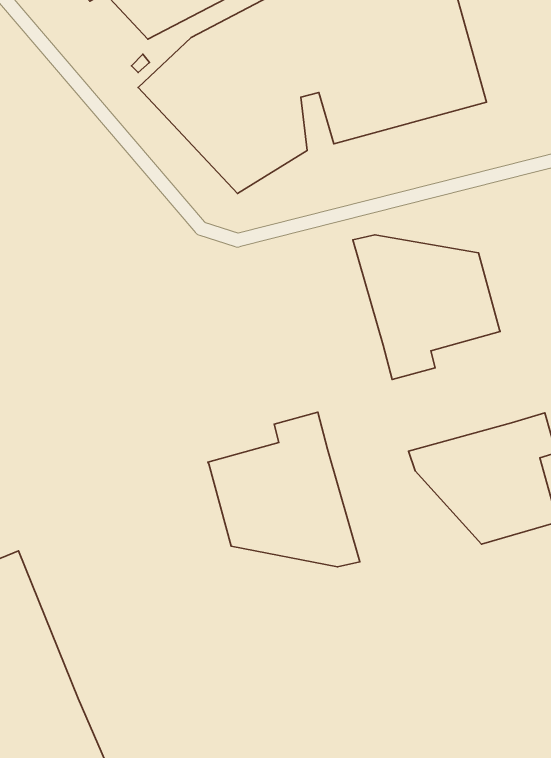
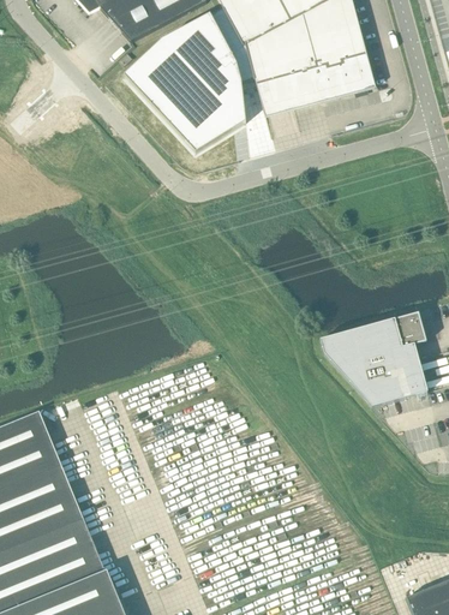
building: [353,235,500,380] -> none
building: [208,412,360,567] -> none

